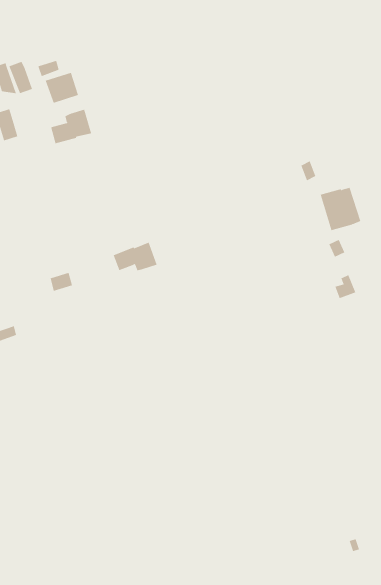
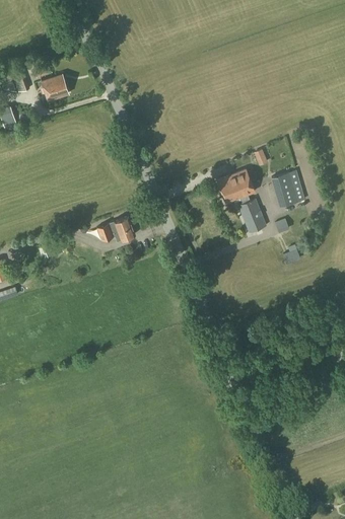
building: [50,109,92,144] -> none
building: none -> [216,169,255,204]
building: none -> [237,199,266,233]

